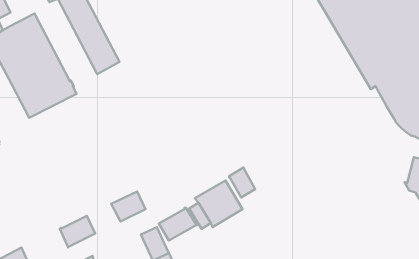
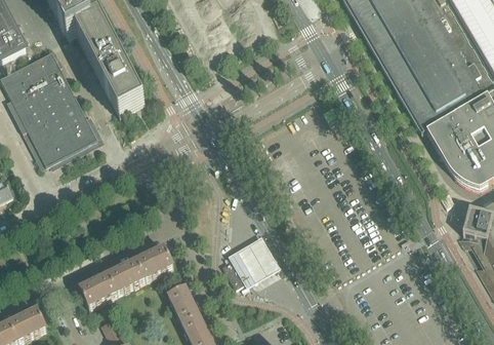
building: [229,167,255,198] -> none
building: none -> [110,257,147,290]
building: [159,208,197,241] -> none

